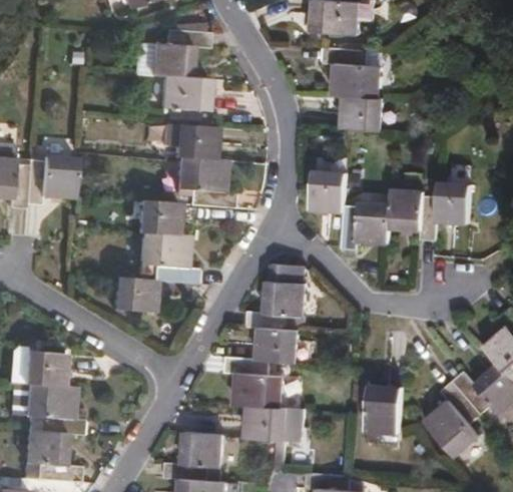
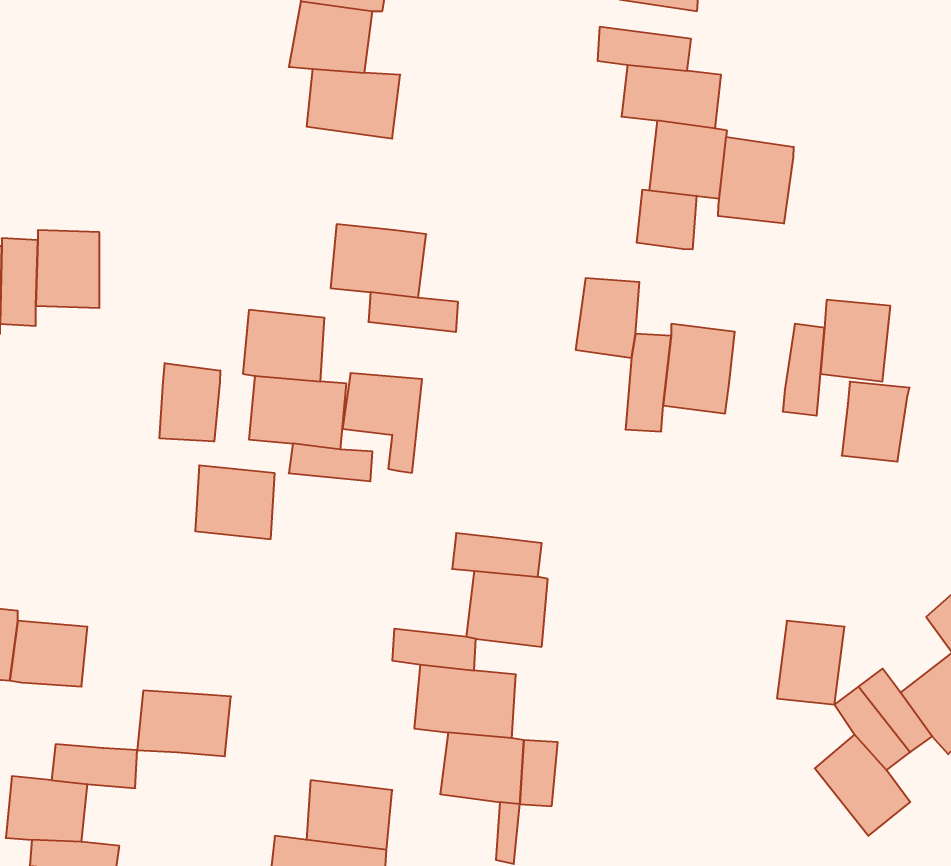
building: none -> [718,137,794,224]
building: [174,115,221,152] -> none
building: none -> [637,190,697,249]
building: [386,192,420,232] -> [842,382,910,462]
building: none -> [160,363,220,442]
building: [267,279,307,329] -> [342,373,422,473]
building: [27,380,74,413] -> [137,691,231,756]
building: [362,391,396,433] -> [777,621,845,704]

